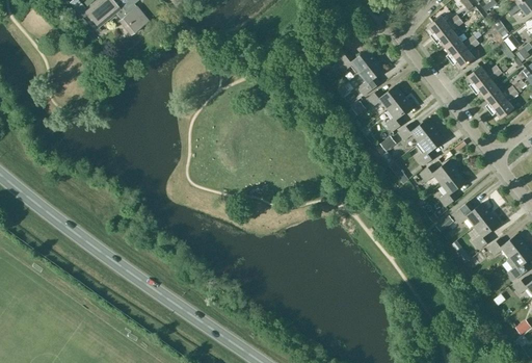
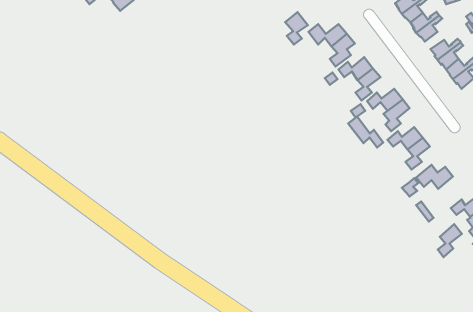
building: none -> [285,12,308,44]
building: none -> [348,116,383,147]
building: [473,213,499,249] -> [438,224,462,257]

